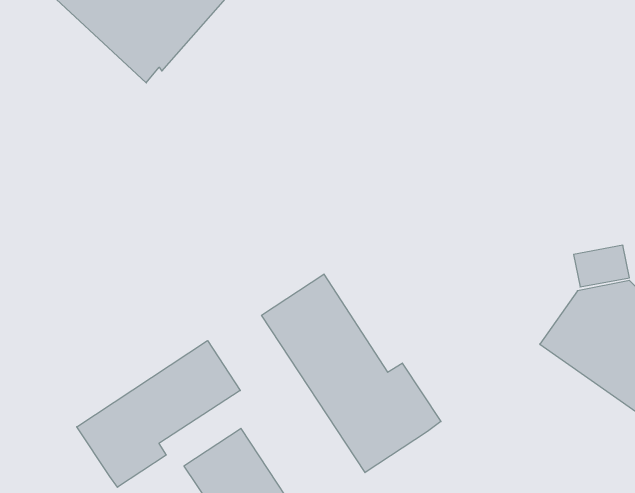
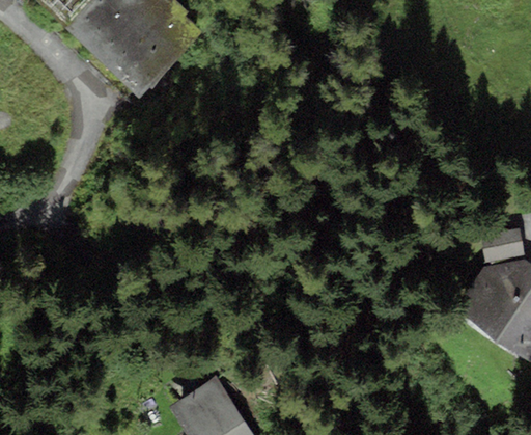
building: [262,274,441,473] -> none
building: [77,341,240,487] -> none

